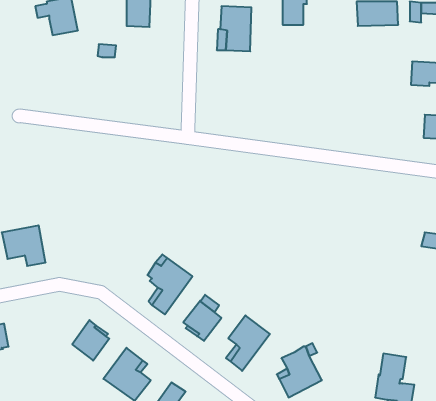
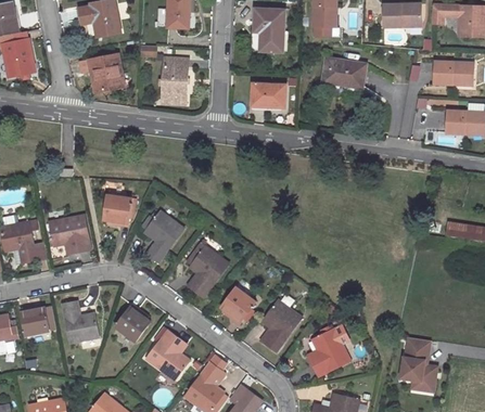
building: none -> [79,55,123,91]
building: none -> [162,57,188,94]
building: none -> [321,57,366,86]
building: none -> [252,83,285,106]
building: none -> [103,194,135,226]
building: none -> [141,210,182,262]
building: none -> [62,301,99,343]

